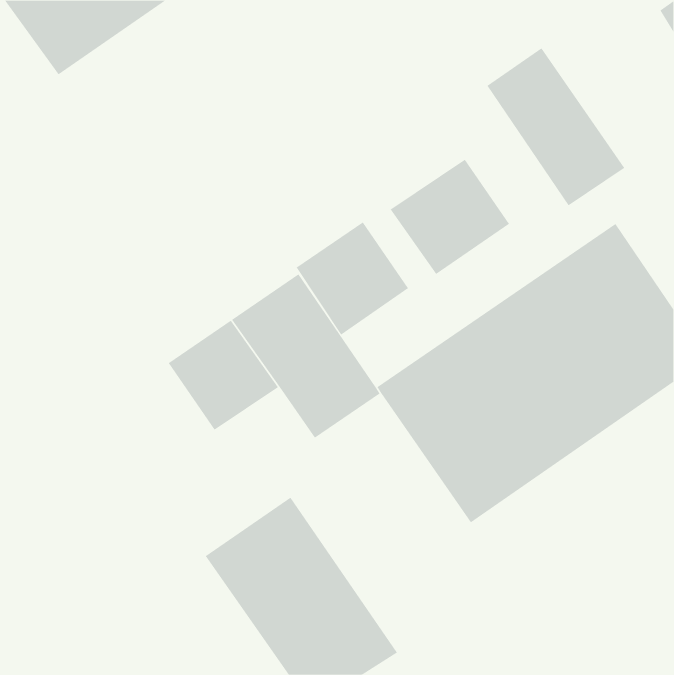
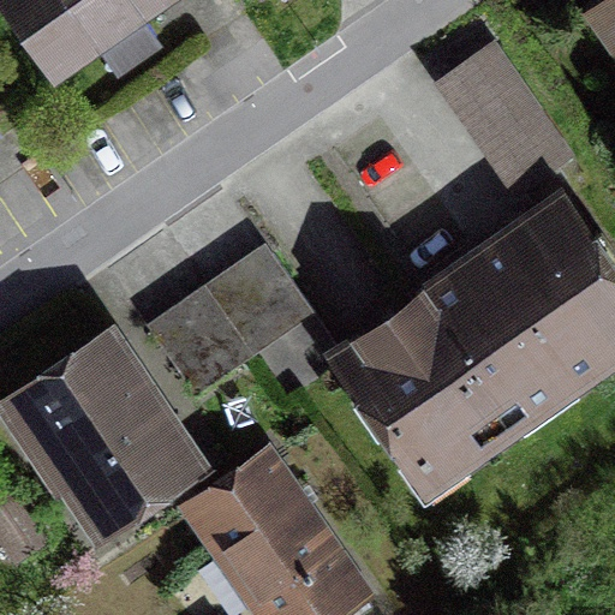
building: [390,159,510,275] -> none
building: [296,221,409,336] -> none
building: none -> [7,346,181,514]

